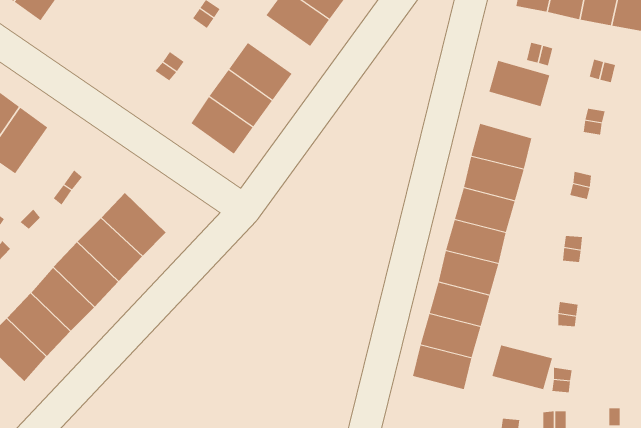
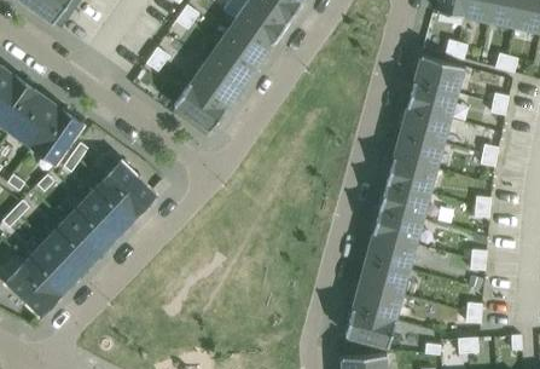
building: none -> [220,18,271,65]
building: none -> [407,80,457,117]
building: none -> [33,109,82,163]
building: [491,345,553,390] -> [346,310,395,346]

